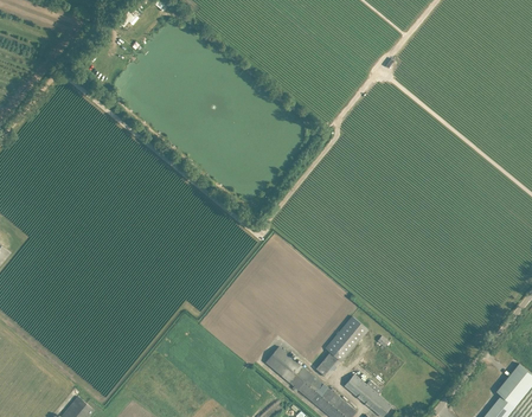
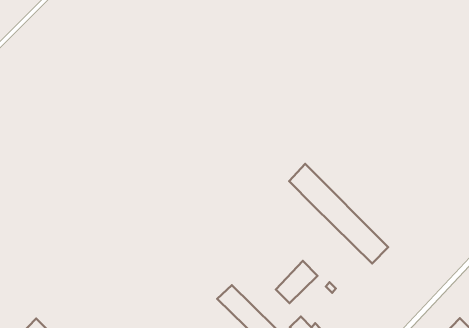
building: none -> [289,164,388,264]

